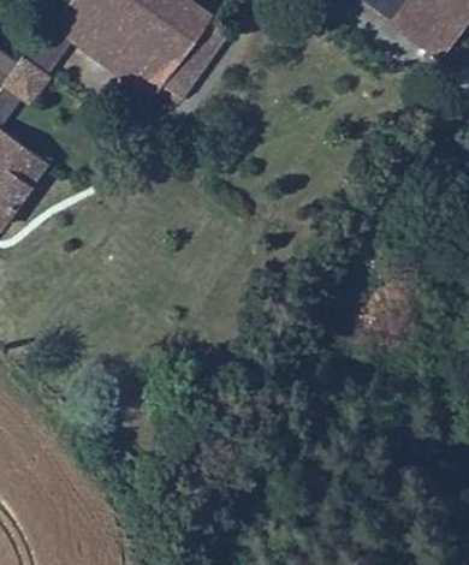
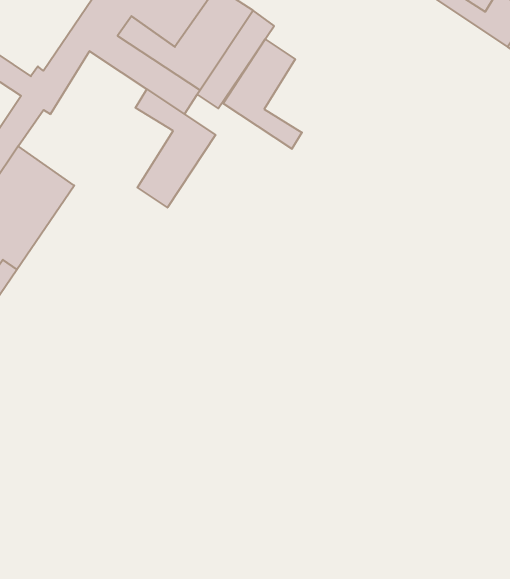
building: none -> [223,39,302,149]
building: none -> [135,89,215,208]

